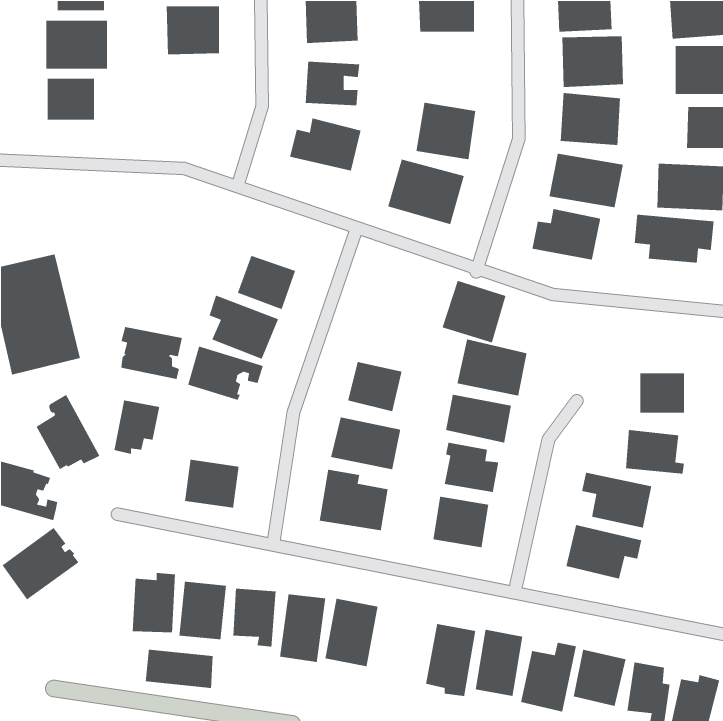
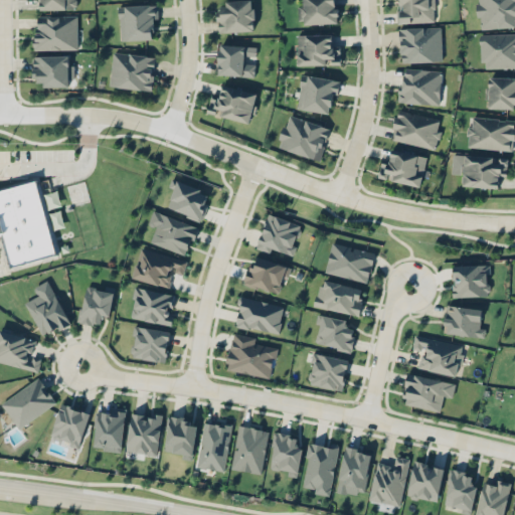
building: none -> [298,35,339,66]
building: none -> [110,53,156,92]
building: [441,280,507,344] -> [255,214,302,260]
building: [120,326,183,380] -> [133,287,177,325]
building: none -> [50,404,90,447]
building: none -> [272,434,302,473]
building: [145,649,214,689] -> none

